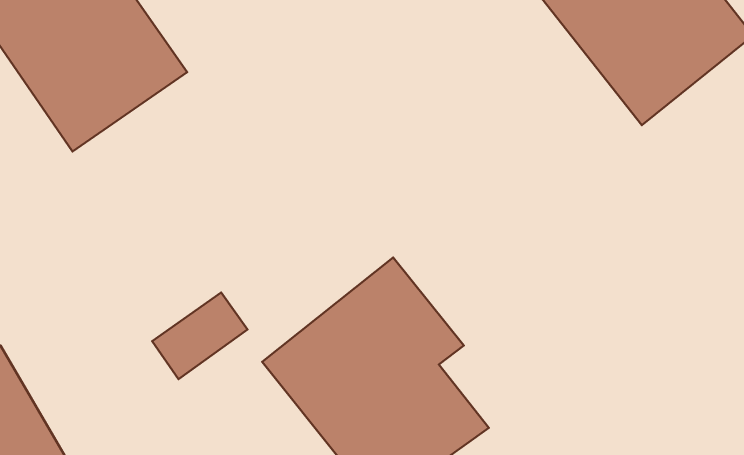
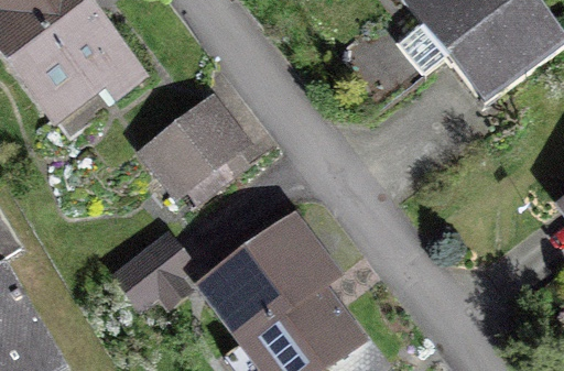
building: none -> [135,101,252,215]

